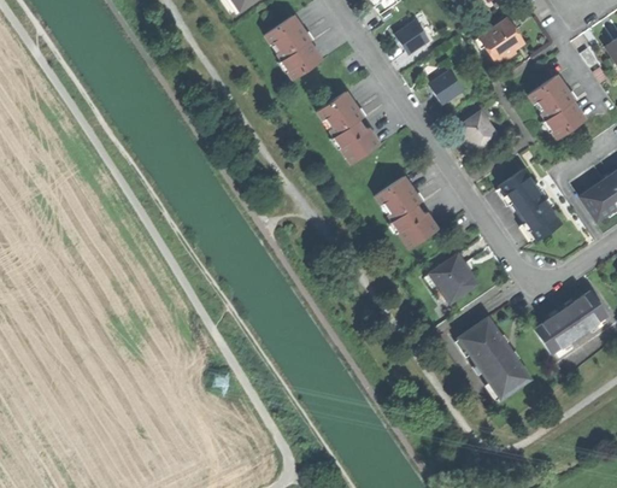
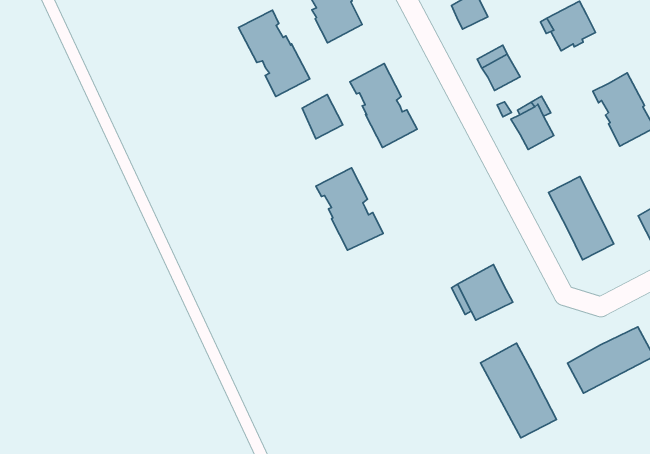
building: none -> [238,10,310,96]
building: none -> [302,95,343,139]
building: [375,176,437,247] -> [316,168,383,250]

